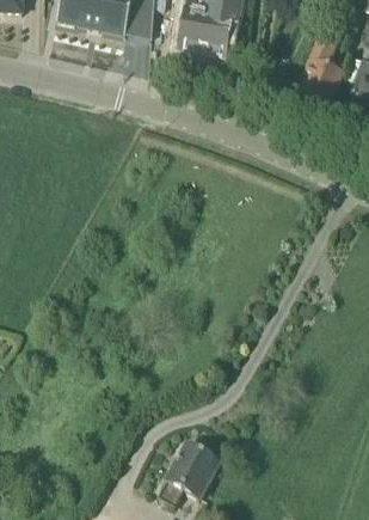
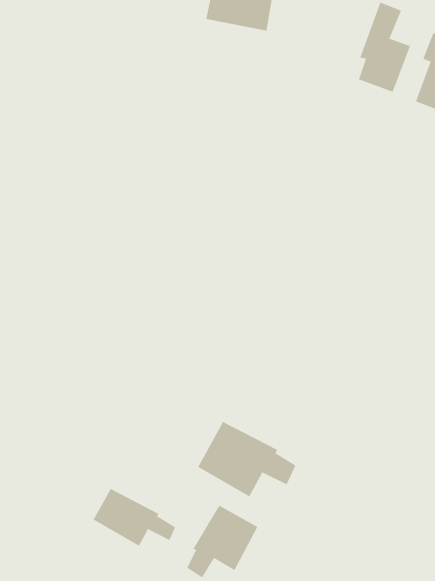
building: none -> [198,421,296,497]
building: none -> [93,488,176,546]

